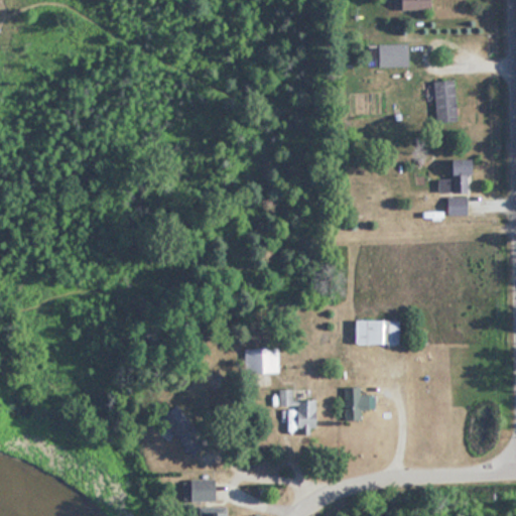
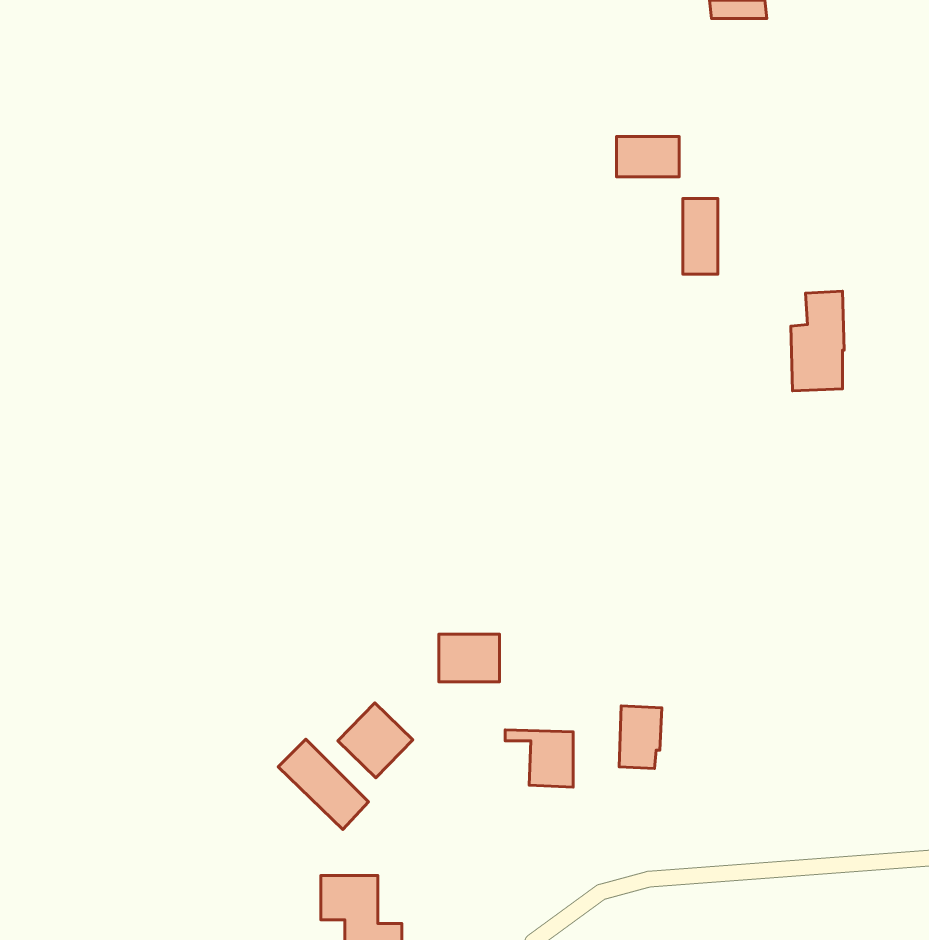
building: [379,44,413,67] -> [617,136,679,177]
building: [437,81,457,122] -> [683,199,718,274]
building: [355,320,400,345] -> none
building: none -> [338,703,413,778]

